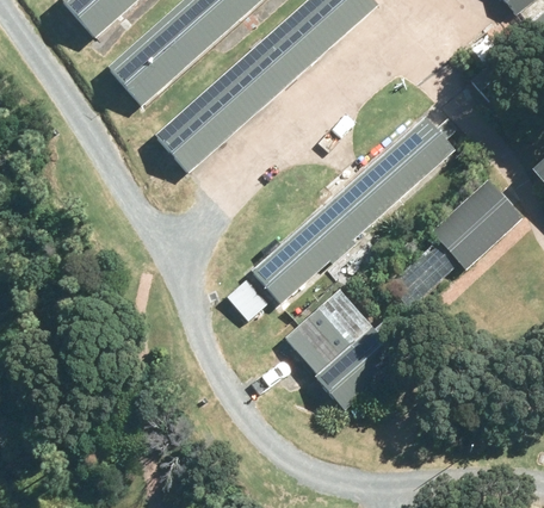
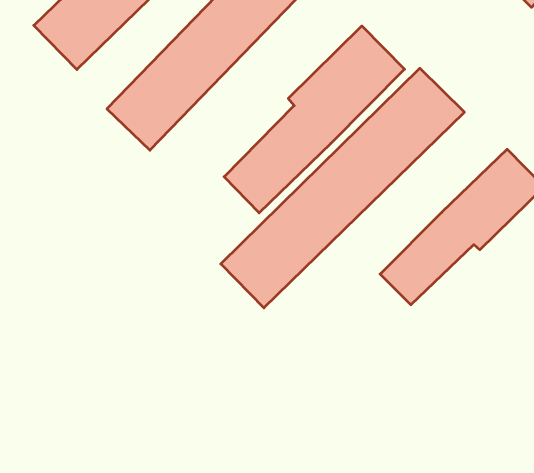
building: none -> [224,26,405,213]
building: [282,286,401,408] -> none

